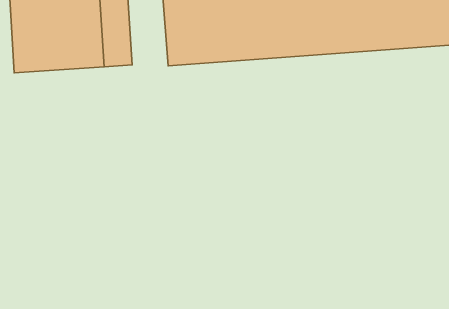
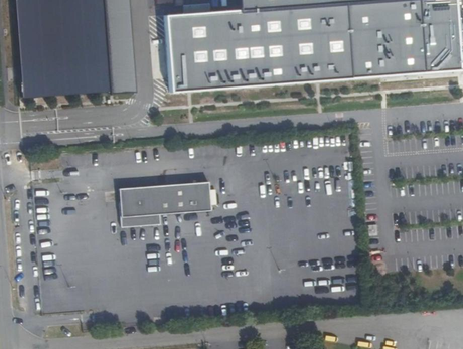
building: none -> [121,179,213,224]

